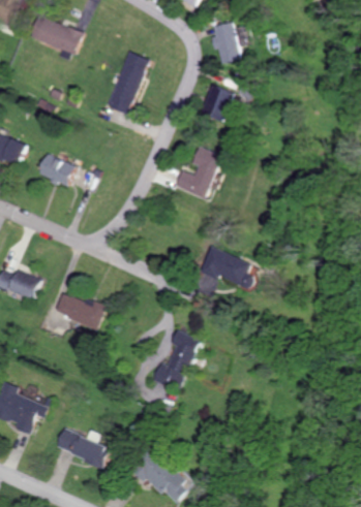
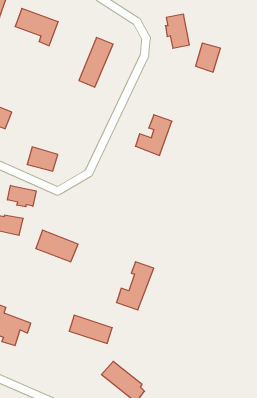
building: [206,85,237,121] -> [196,43,220,72]
building: [37,155,76,185] -> [27,147,58,171]
building: none -> [7,185,36,207]
building: [203,246,259,288] -> none
building: [55,430,109,465] -> [69,315,112,343]

